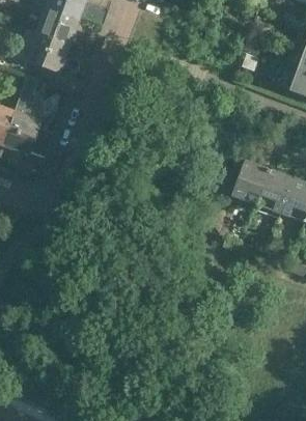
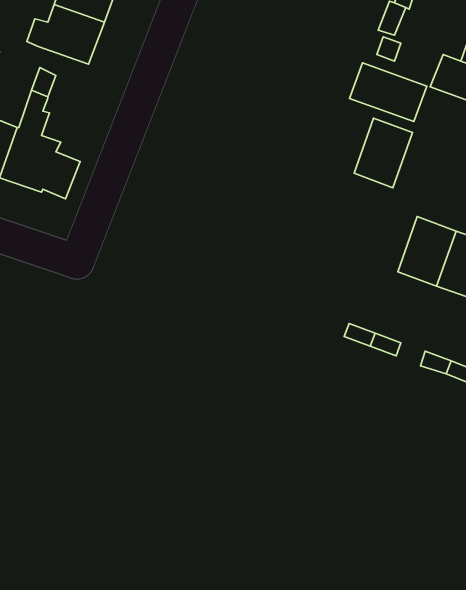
building: none -> [349,63,427,122]
building: [231,160,269,204] -> [354,118,412,188]

